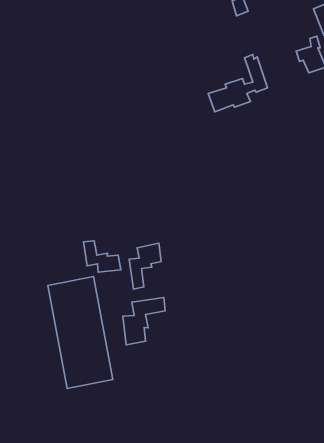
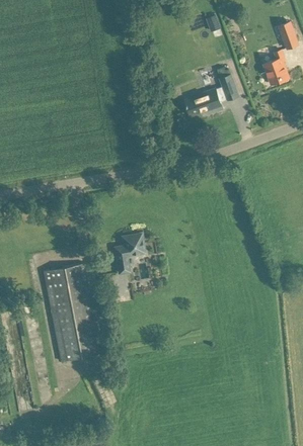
building: [83,241,121,272] -> none
building: [123,297,165,345] -> none

